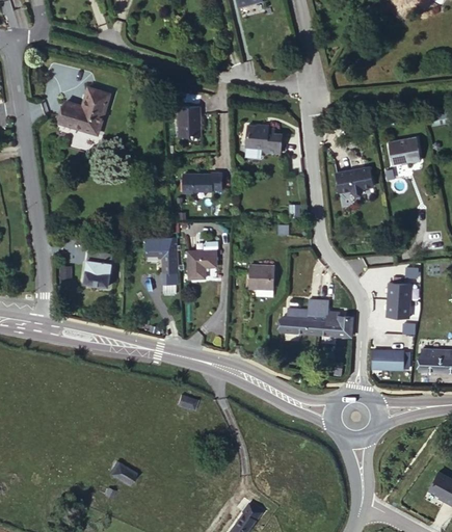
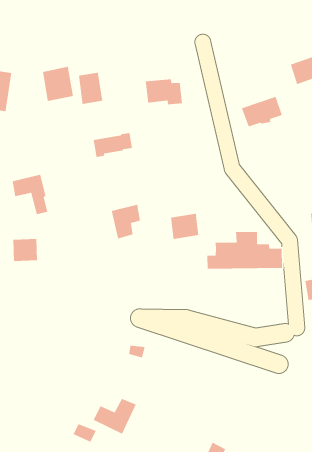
building: none -> [42,66,74,102]
building: [147,240,179,281] -> [12,174,48,215]
building: none -> [93,398,137,435]

